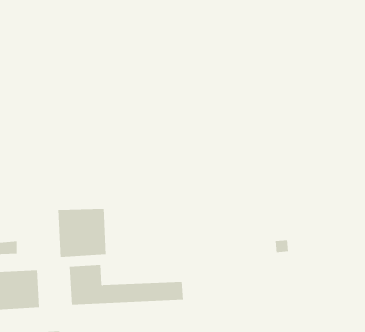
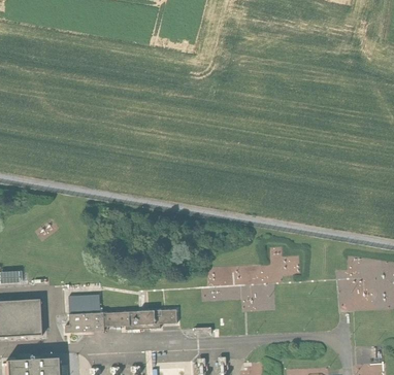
building: [58,208,106,258] -> none

